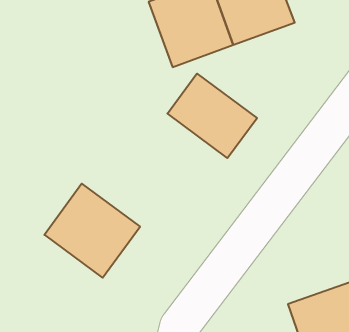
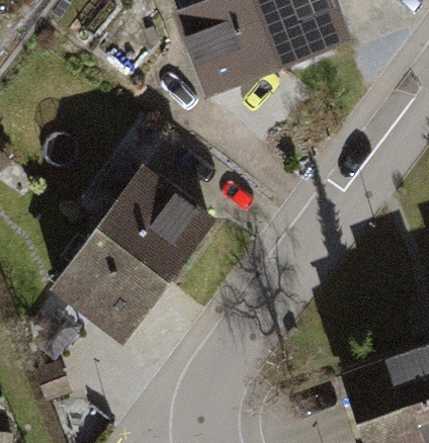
building: [167,74,257,158] -> none
building: none -> [99,169,213,280]

